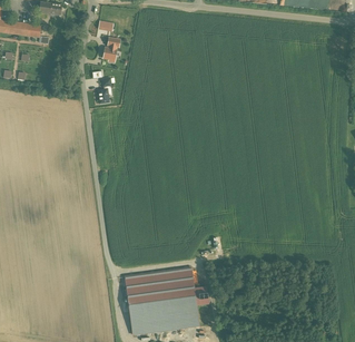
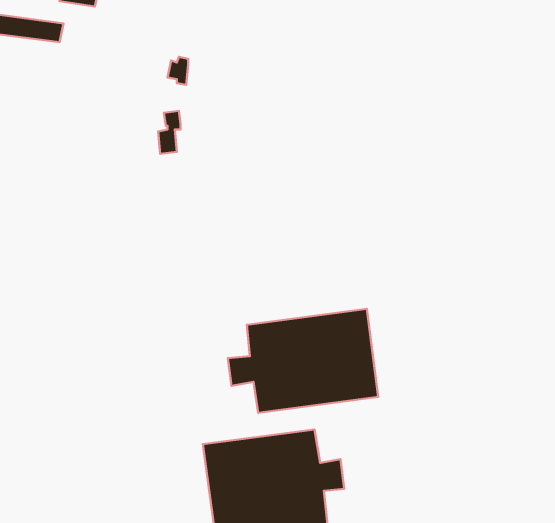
building: none -> [228,309,378,413]

